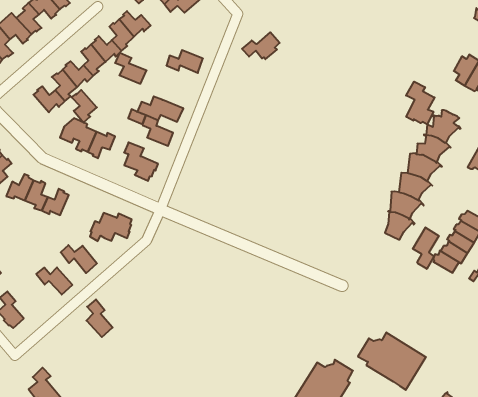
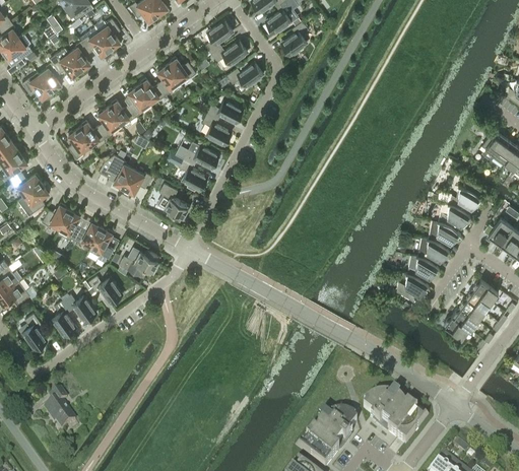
building: [242,32,280,59] -> [226,62,263,87]
building: [115,53,147,84] -> [202,113,232,144]
building: [406,82,435,124] -> none
building: [71,90,97,123] -> [67,128,90,159]
building: none -> [89,227,119,262]
building: [413,227,439,269] -> none
building: [86,299,113,337] -> [52,299,76,336]

